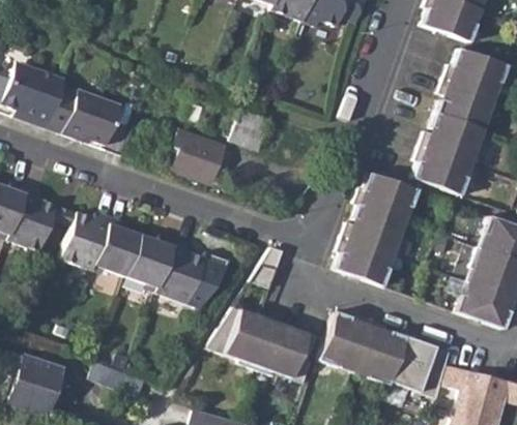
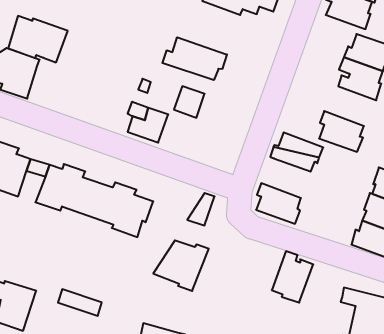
building: none -> [162,37,227,80]
building: [51,89,125,147] -> [8,16,68,62]
building: [422,114,487,163] -> none
building: [343,204,409,253] -> none
building: [319,310,374,368] -> none
building: [257,316,318,384] -> none
building: [391,332,451,397] -> none

